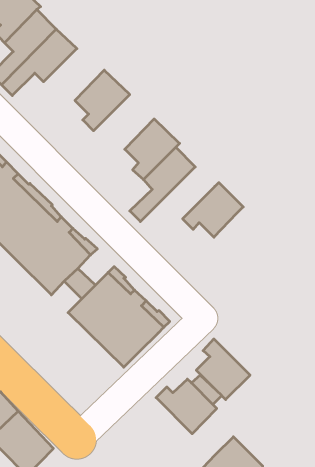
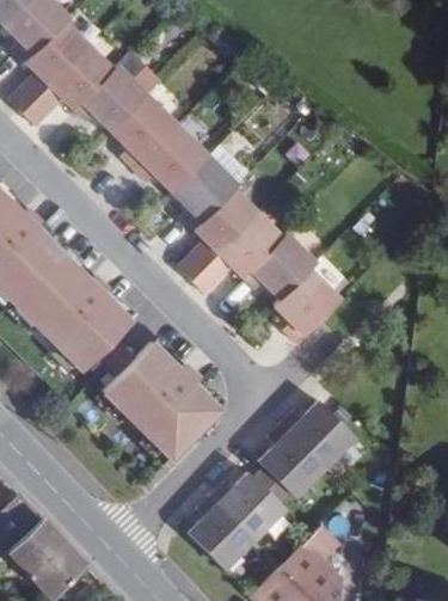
building: none -> [73,67,147,134]
building: none -> [134,127,208,194]
building: none -> [191,215,282,295]
building: none -> [274,271,340,345]
building: none -> [281,403,355,470]
building: none -> [188,497,254,571]

